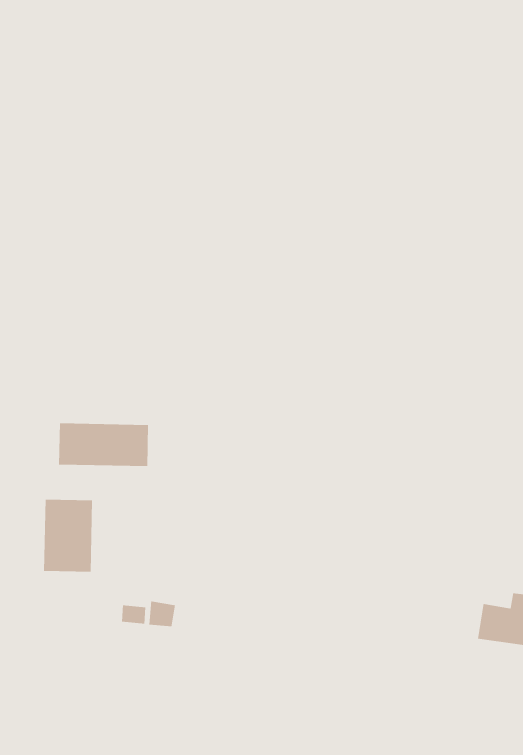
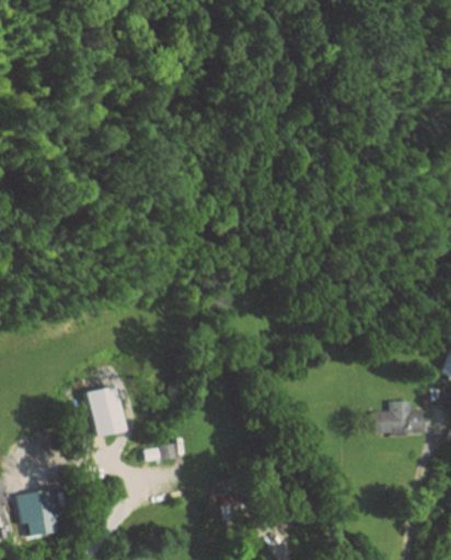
building: [59,423,149,467] -> none

